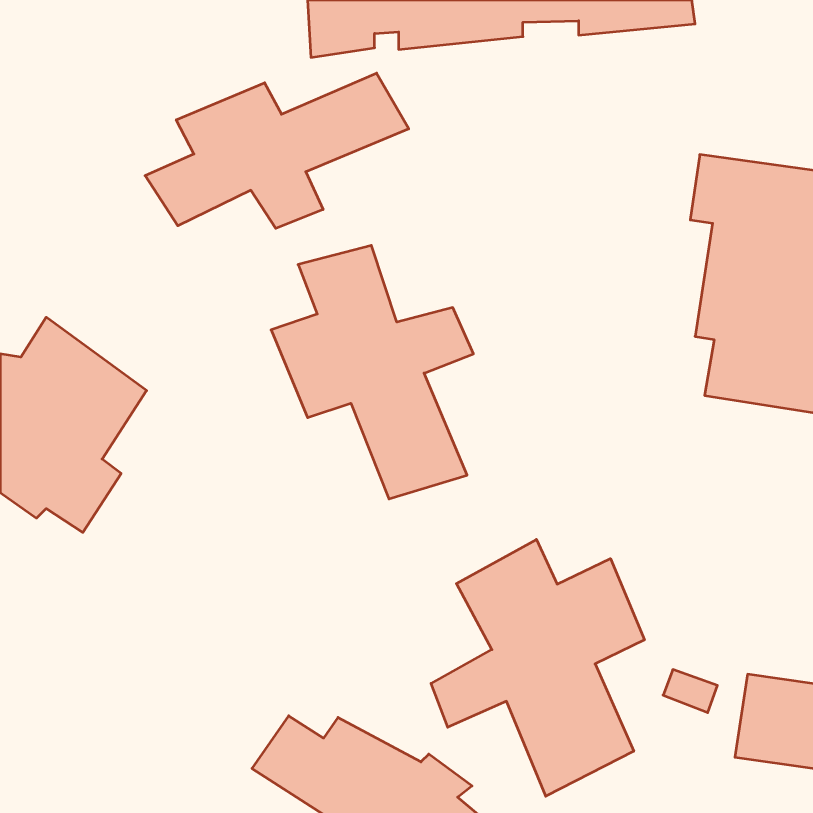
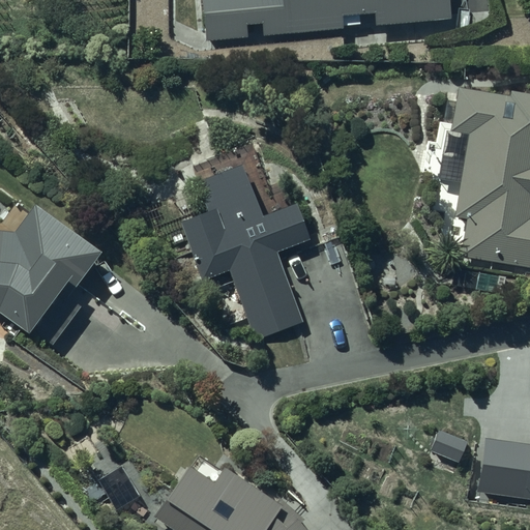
building: [145,73,409,228] -> none
building: [431,539,644,796] -> none

